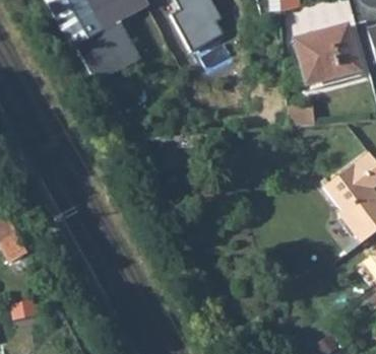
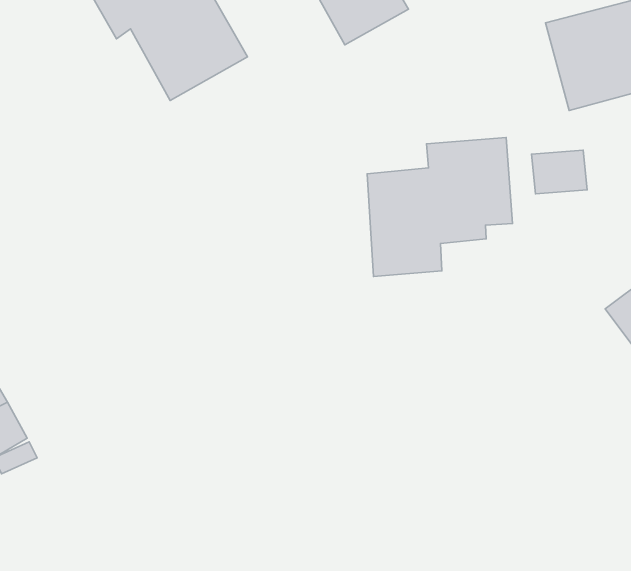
building: none -> [367,138,512,277]

